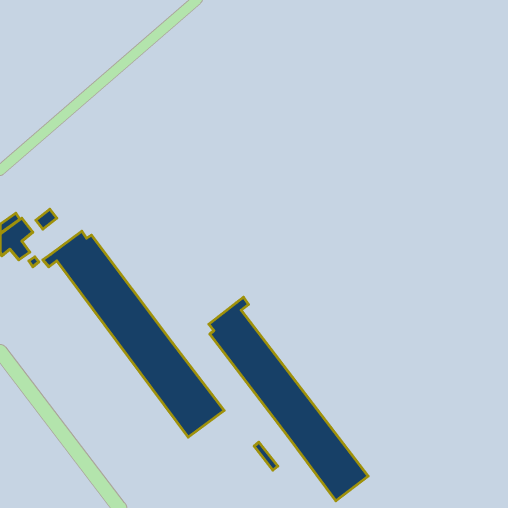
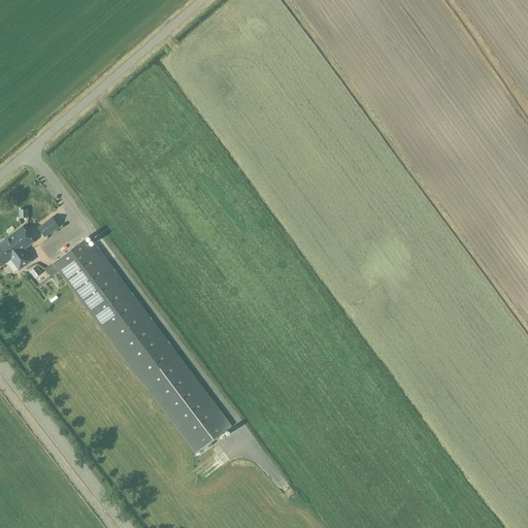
building: [209,297,368,501] -> none

